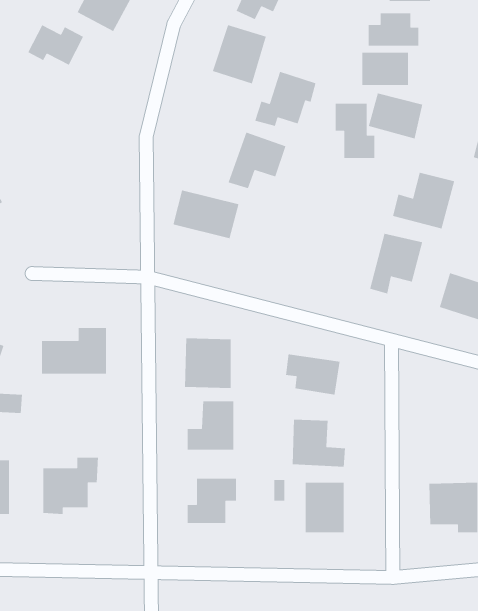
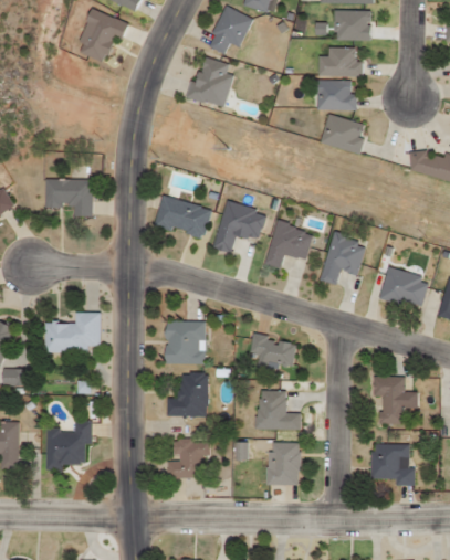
building: [27,24,84,66] -> none
building: [254,71,316,127] -> none
building: [335,103,375,159] -> none
building: [227,132,286,189] -> [213,202,263,251]
building: none -> [44,180,92,216]
building: [392,172,455,229] -> none
building: none -> [265,222,313,268]
building: none -> [373,376,405,423]

